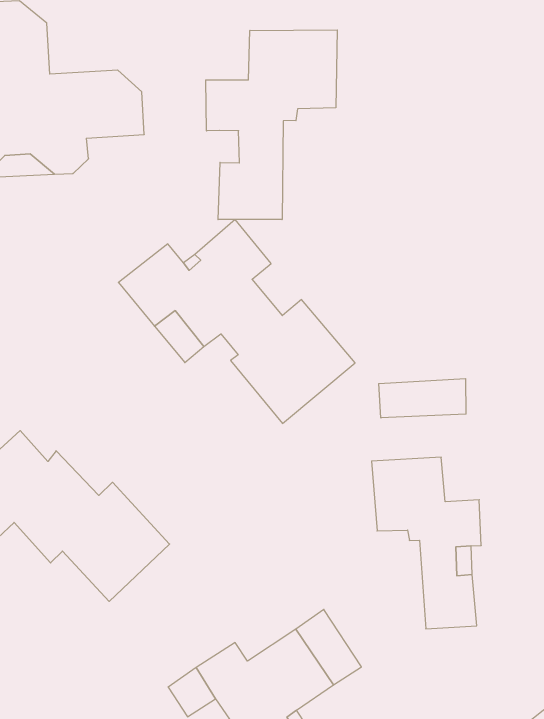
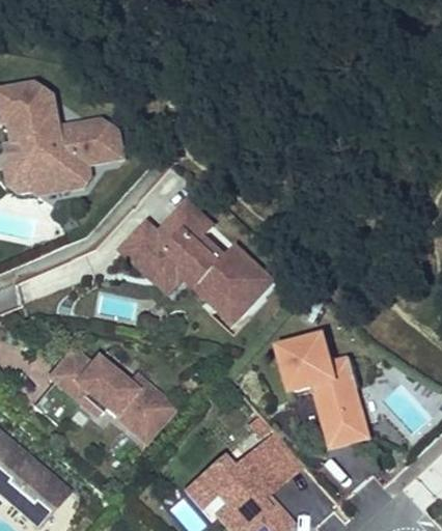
building: [206,30,337,220] -> none
building: [379,379,466,418] -> none

